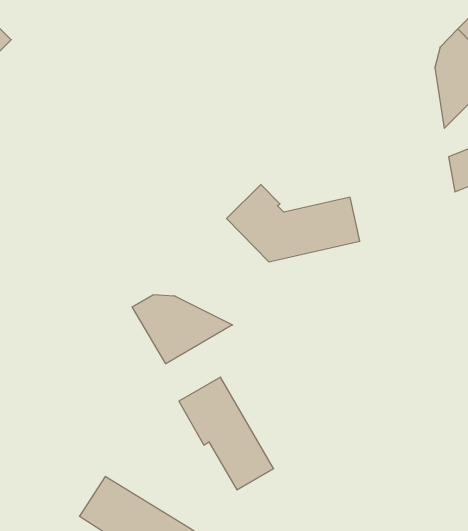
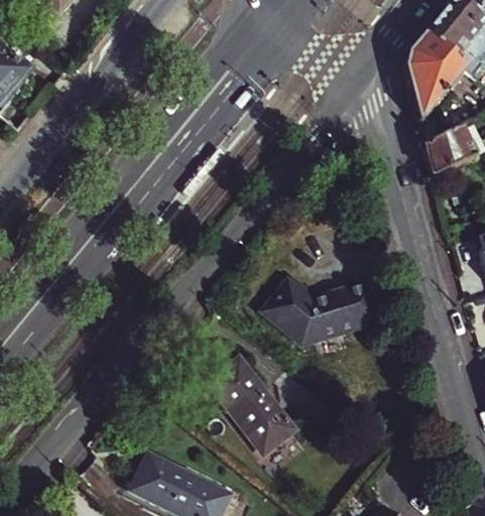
building: [227,185,360,262] -> [265,277,383,344]
building: [132,295,233,364] -> none

